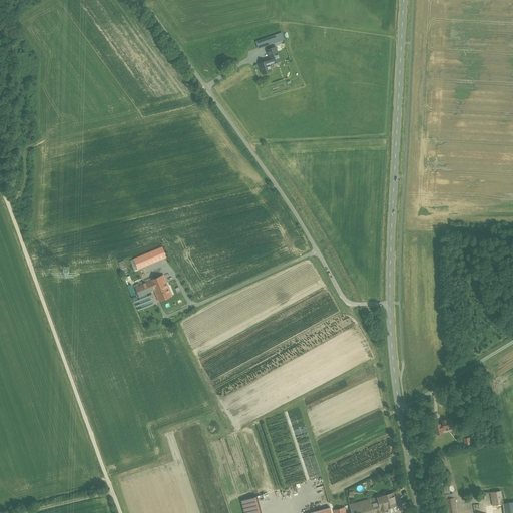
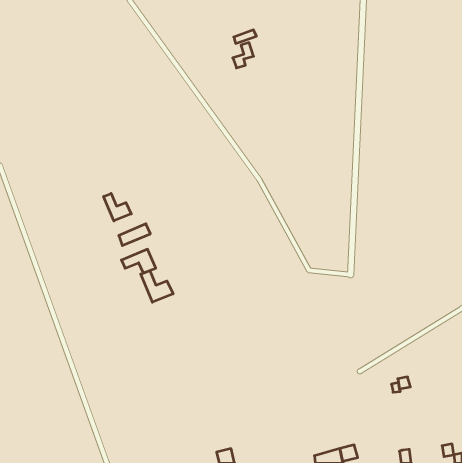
building: none -> [104,193,131,221]
building: none -> [141,271,173,302]

